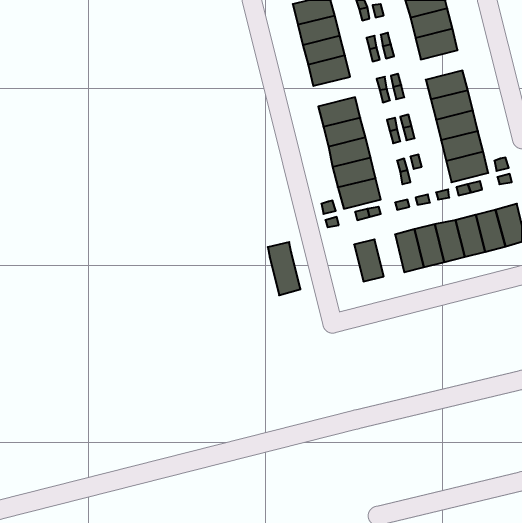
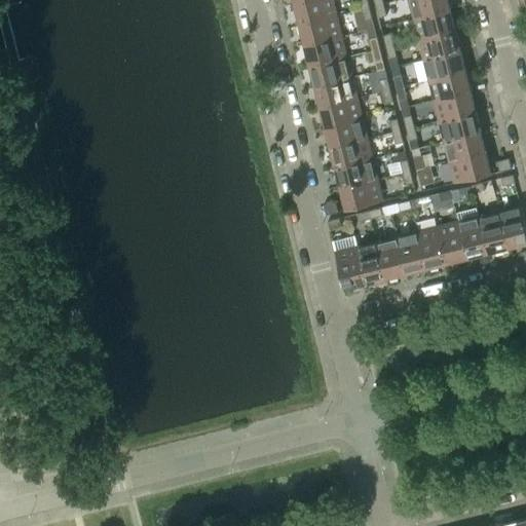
building: none -> [422,50,464,80]
building: none -> [314,77,356,107]
building: none -> [376,235,406,277]
building: [268,242,301,295] -> [332,235,365,289]

